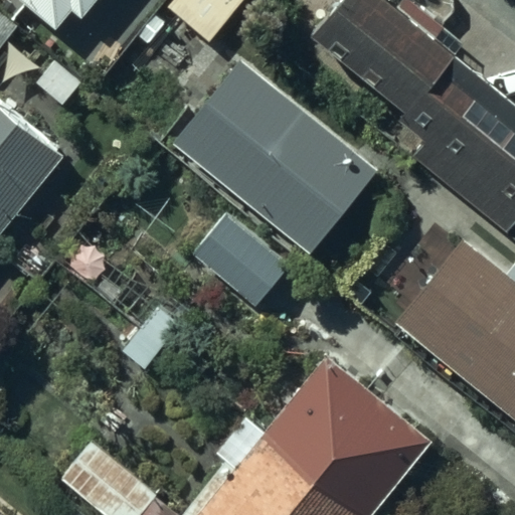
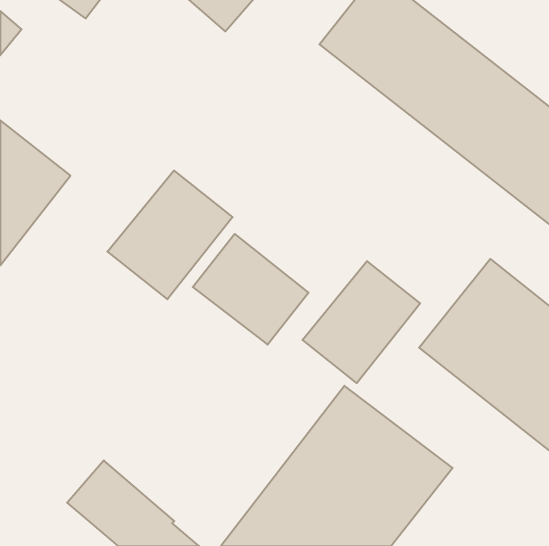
building: [174,64,374,254] -> none
building: none -> [107,171,233,299]
building: none -> [302,261,420,383]

